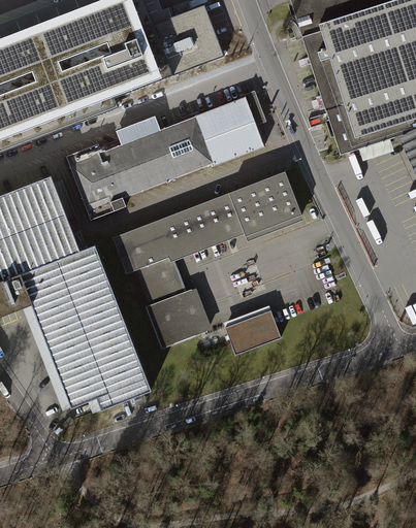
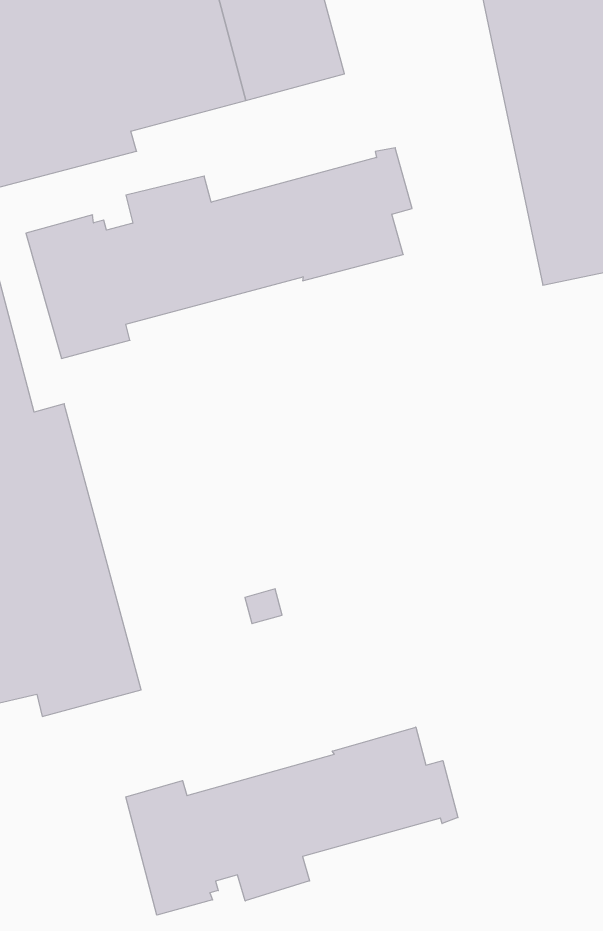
building: [111,171,303,348] -> none
building: [222,304,281,355] -> none
building: none -> [126,727,458,915]

